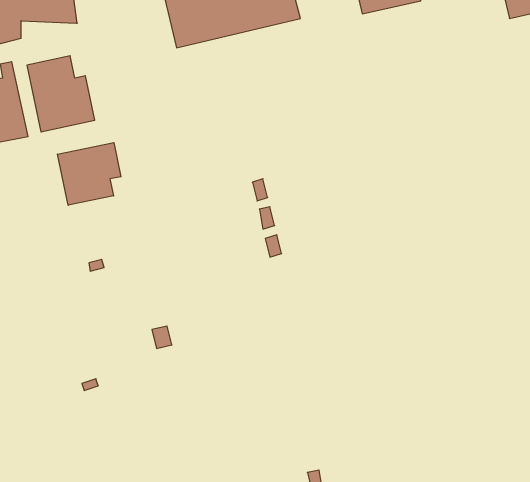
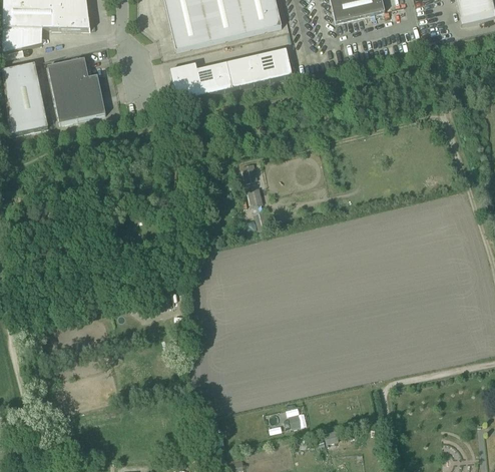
building: none -> [169,47,292,100]
building: [58,143,121,205] -> none

